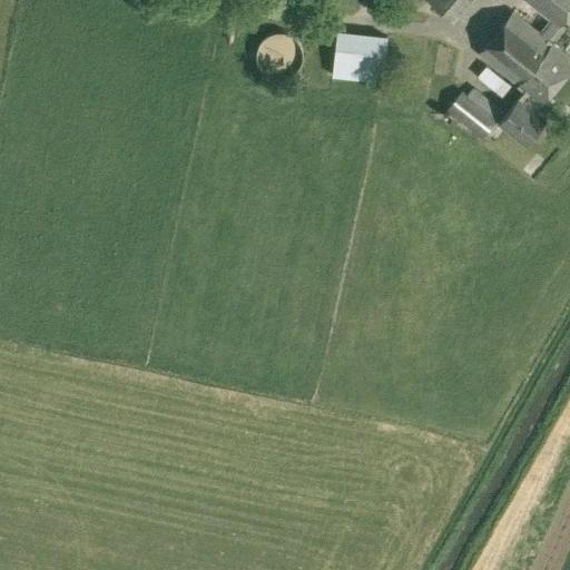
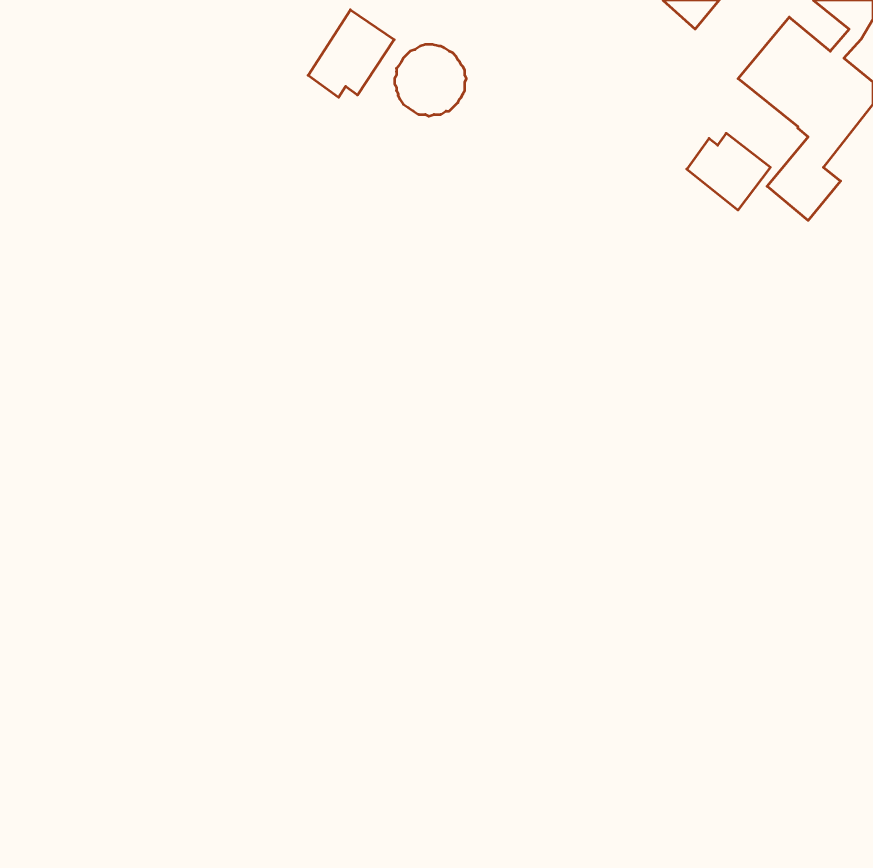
building: none -> [308,10,394,97]
building: [331,31,386,83] -> none

